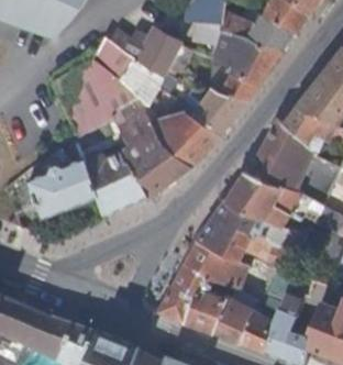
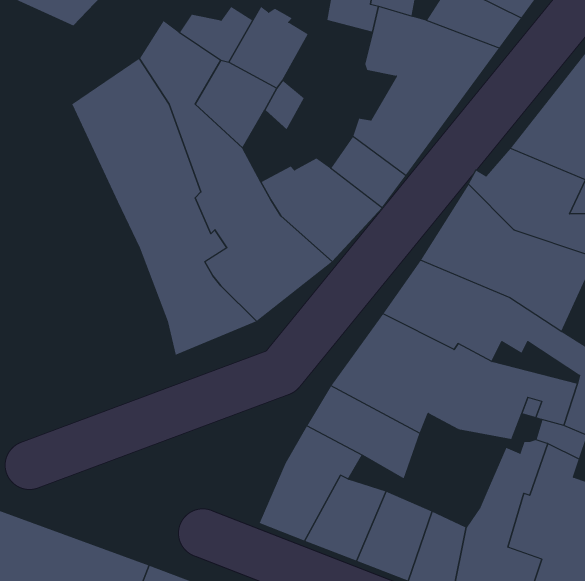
building: [30,161,106,219] -> none

